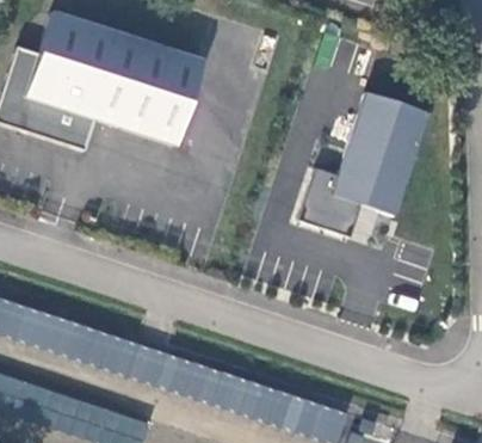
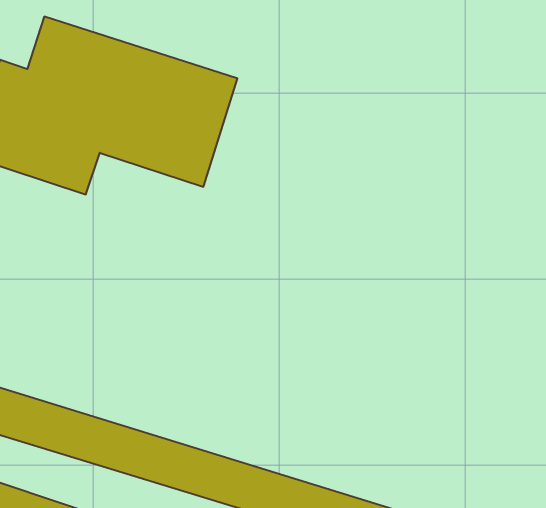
building: [298,97,432,241] -> none

